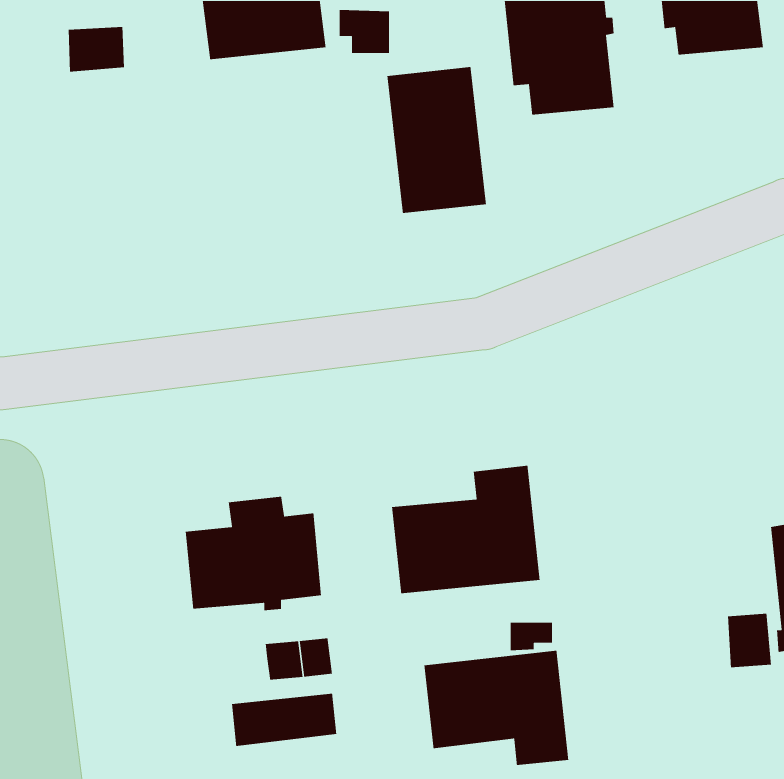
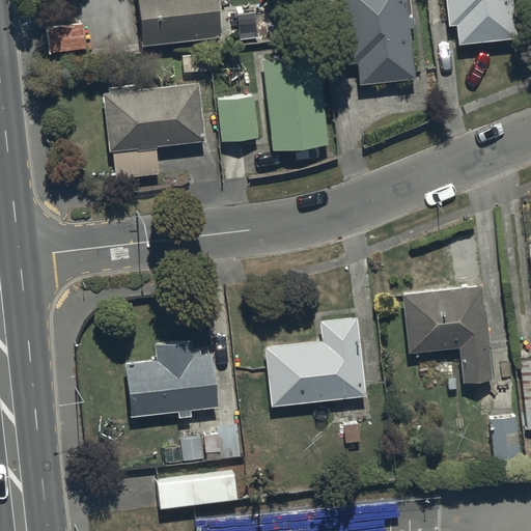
building: none -> [104,83,205,179]
building: none -> [218,95,259,142]
building: none -> [403,284,493,382]
building: [424,650,569,766] -> none

